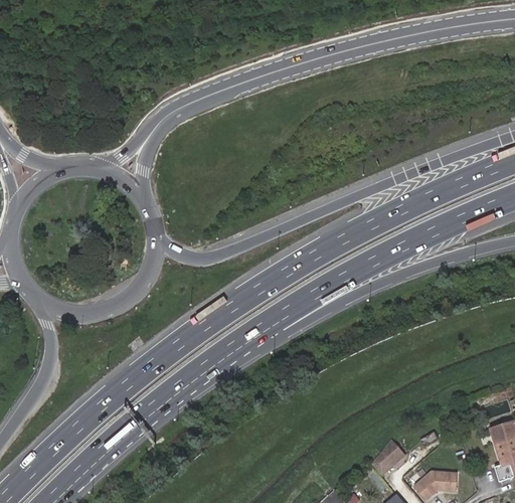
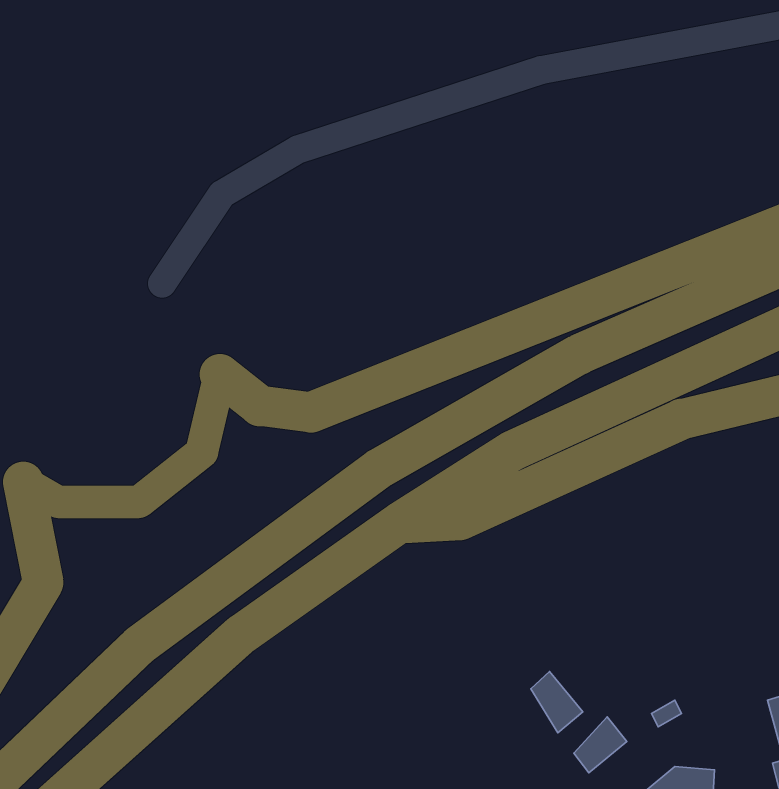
building: none -> [531,672,583,733]

